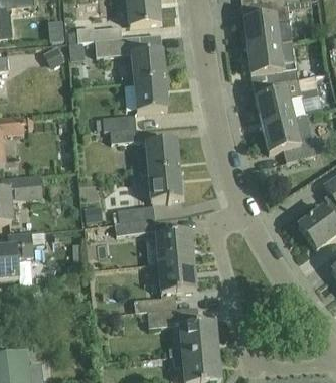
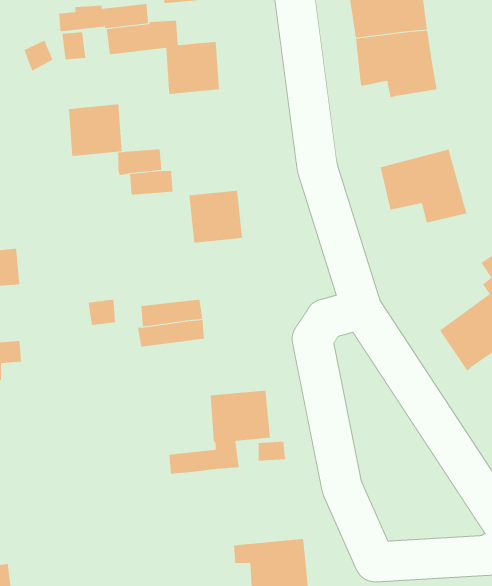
building: [254,73,317,125] -> none
building: [134,77,167,110] -> [68,104,123,157]
building: [149,168,181,200] -> none
building: [156,230,193,263] -> none
building: [147,308,179,327] -> none
building: [168,322,216,355] -> none

